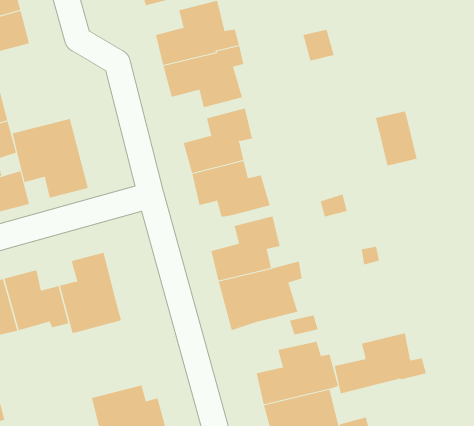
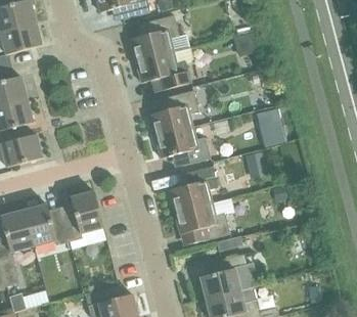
building: [375,111,417,166] -> [255,108,284,147]
building: [12,118,89,199] -> none
building: [334,333,427,394] -> none

